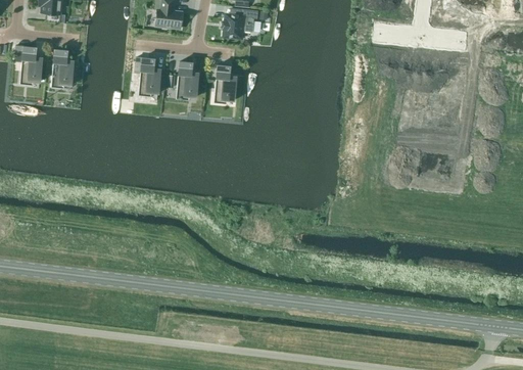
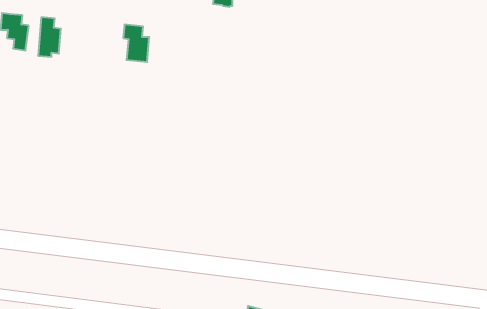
building: [177,61,198,97] -> none
building: [215,65,236,101] -> none

